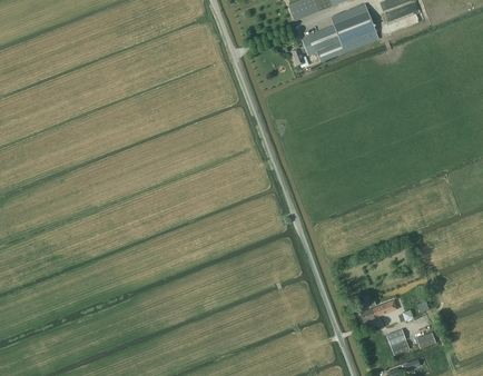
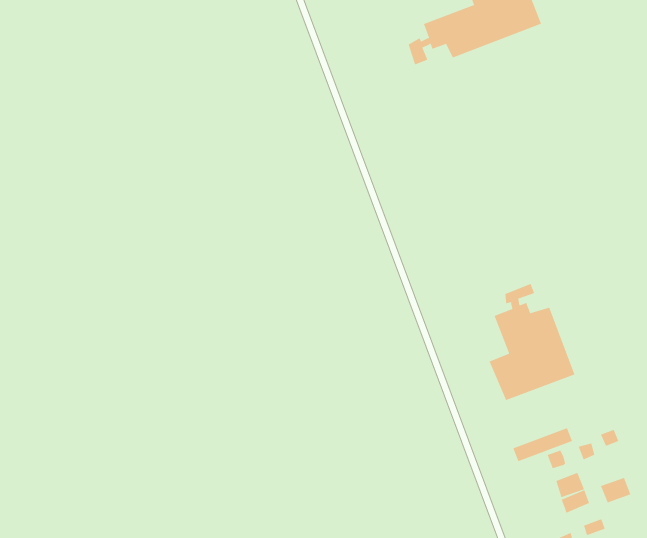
building: none -> [489,283,575,401]

